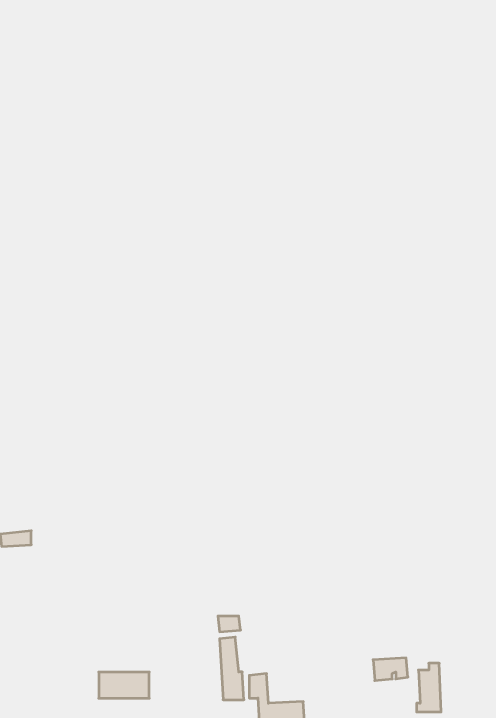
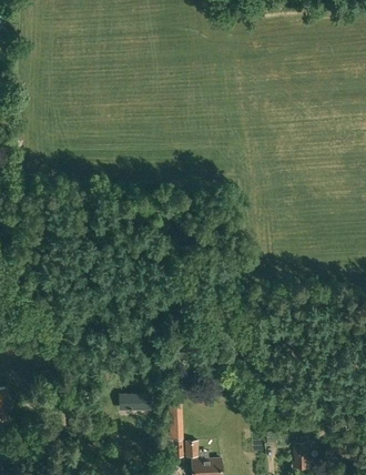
building: [99,672,149,698] -> [118,394,150,411]

